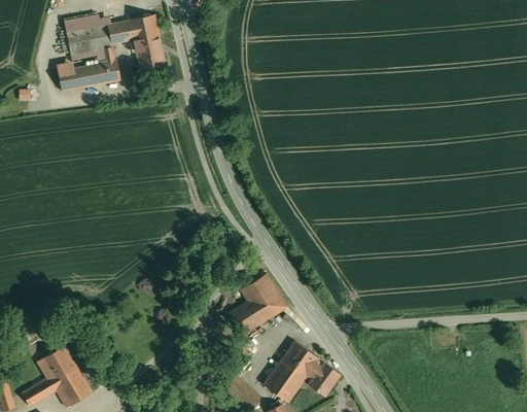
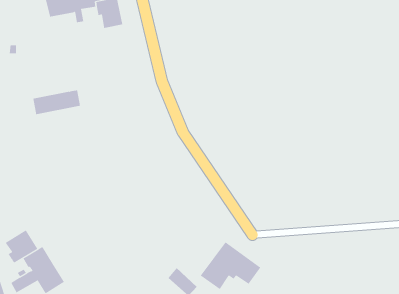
building: [58,60,119,92] -> [32,90,81,115]
building: [230,273,286,334] -> none
building: none -> [5,229,38,263]

